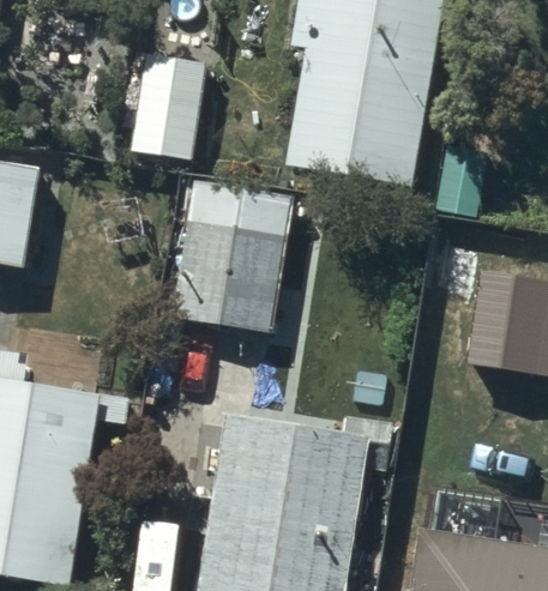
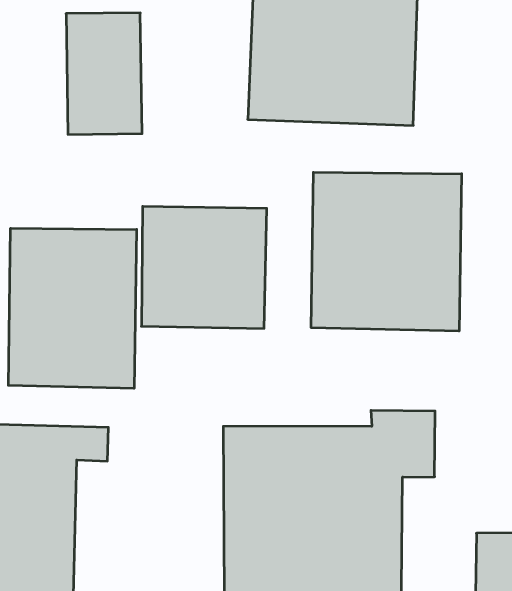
building: none -> [311,172,462,331]
building: none -> [8,228,137,388]

